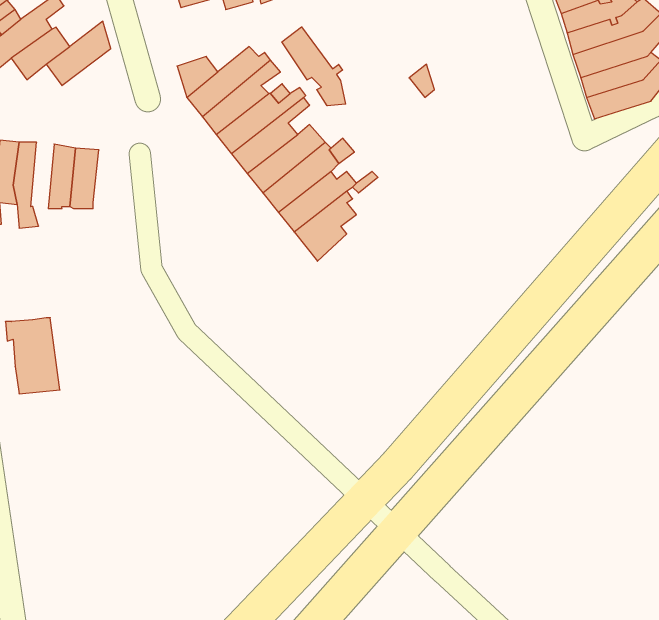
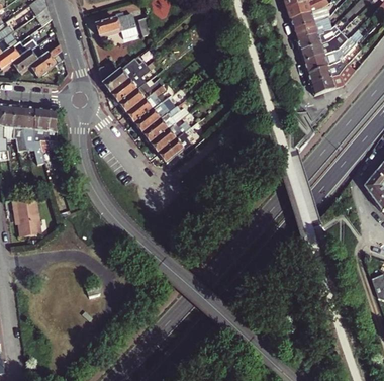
building: [282,27,346,106] -> none
building: none -> [22,105,44,163]

